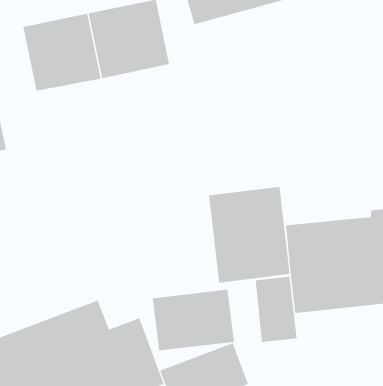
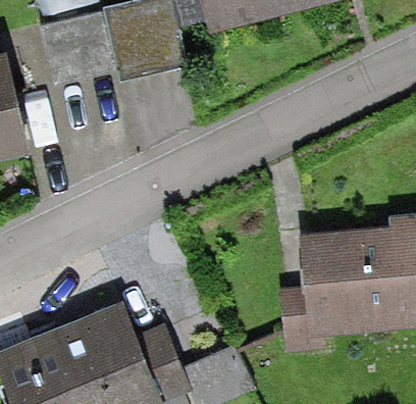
building: [208,186,290,283] -> none
building: [152,289,235,351] -> none

